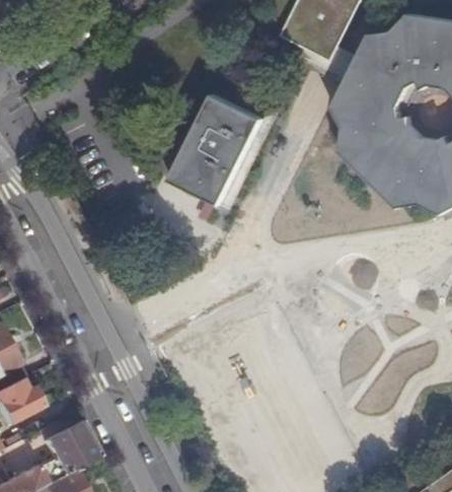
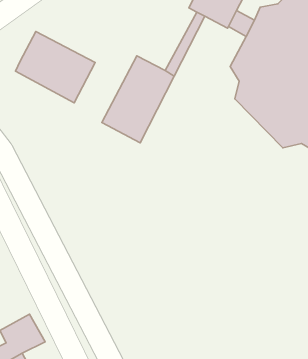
building: none -> [16,31,95,103]

